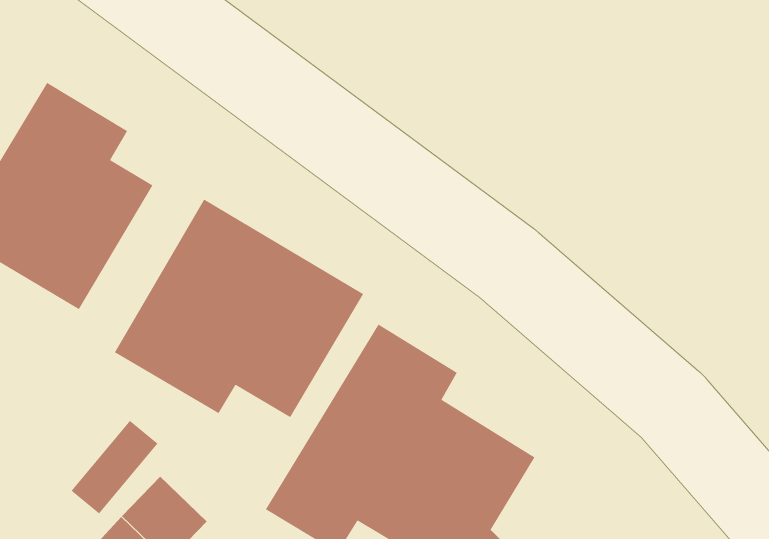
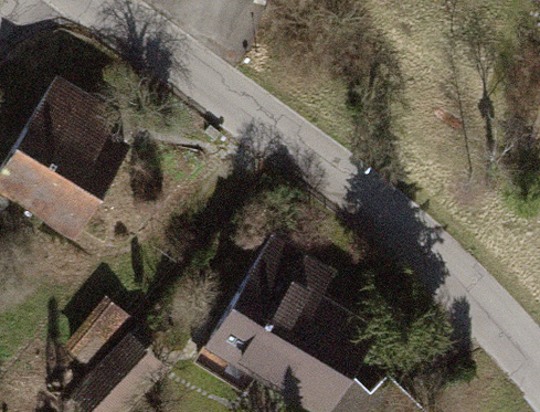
building: [114,198,364,418] -> none

